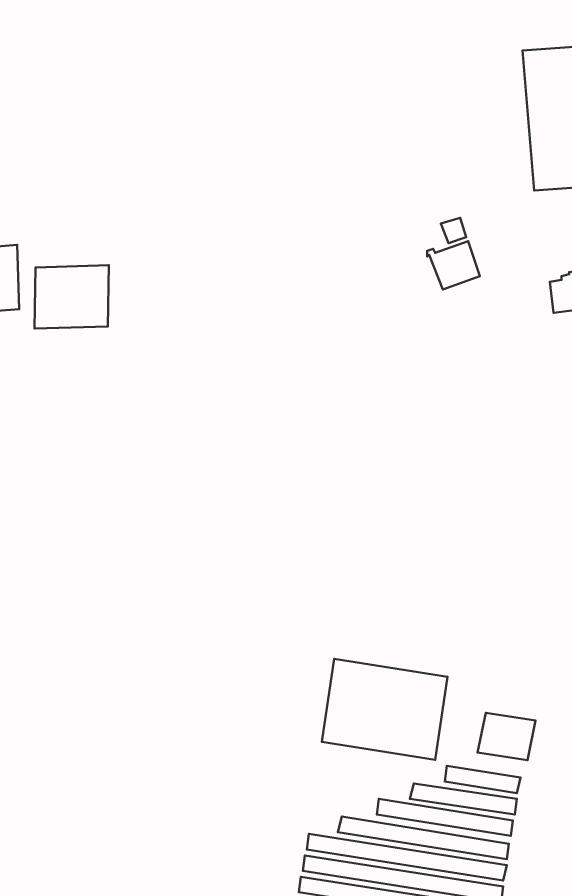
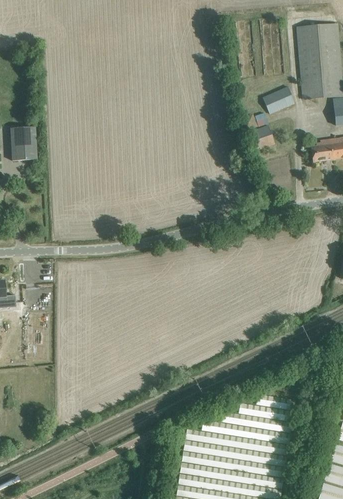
building: none -> [262,88,294,114]
building: [35,265,109,329] -> none
building: [322,659,448,760] -> none
building: [478,713,536,760] -> none

